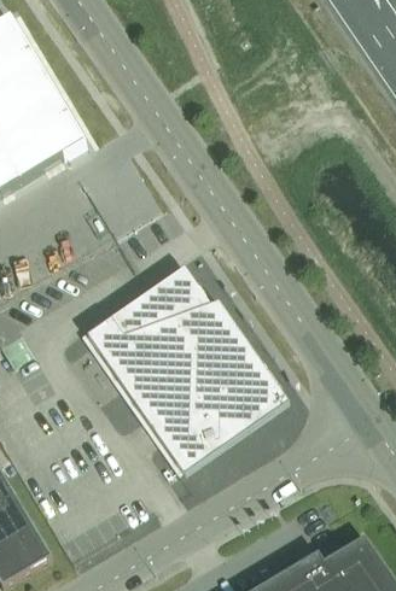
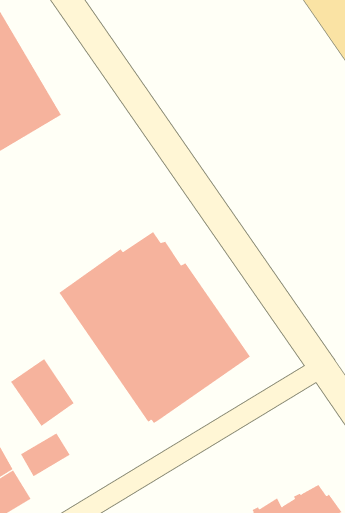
building: none -> [10,358,74,427]
building: none -> [20,433,71,477]

